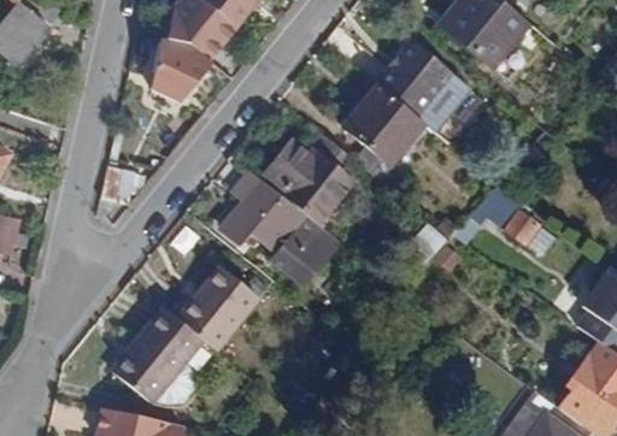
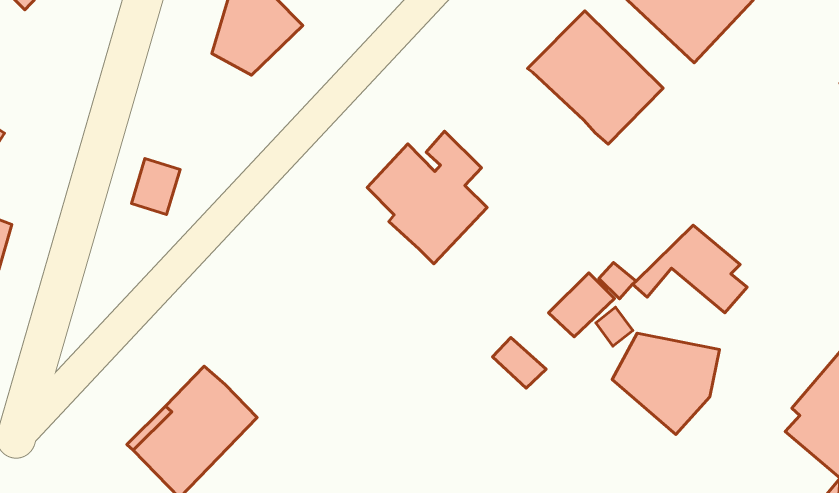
building: [341,84,425,188] -> none
building: [221,172,340,287] -> none
building: none -> [612,333,719,435]
building: [177,265,260,353] -> none

